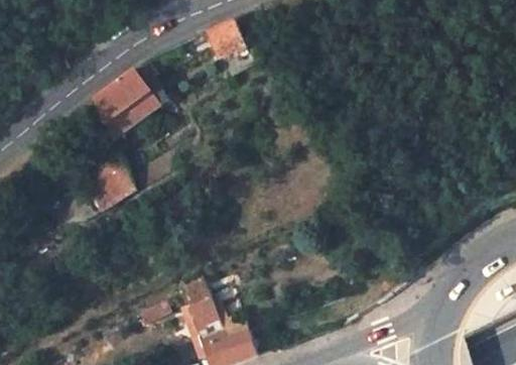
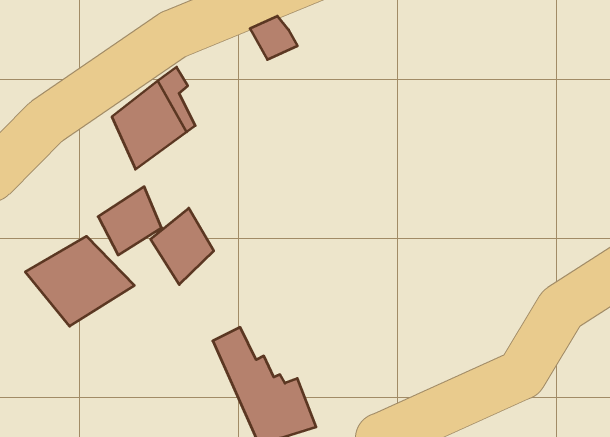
building: none -> [151,208,214,285]
building: none -> [25,236,134,326]

